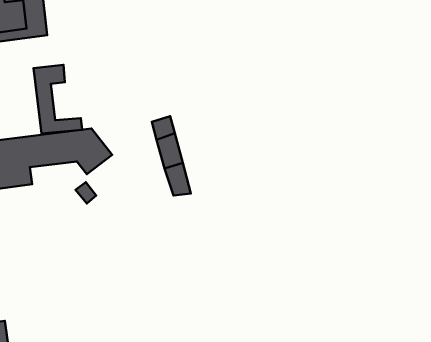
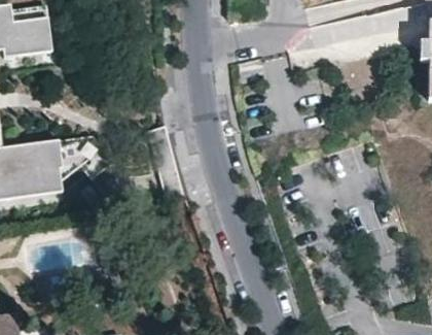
building: [33,65,82,134] -> none

